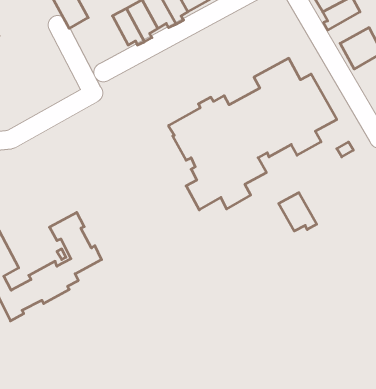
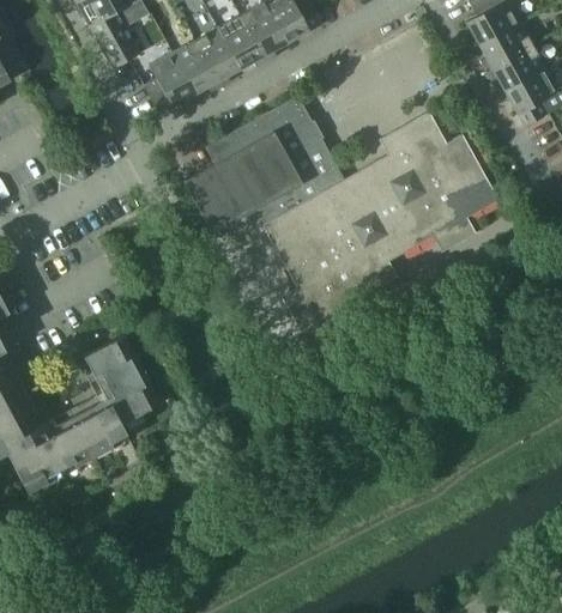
building: none -> [485,44,545,90]
building: none -> [144,50,197,114]
building: none -> [182,95,336,233]
building: [279,193,317,231] -> none

